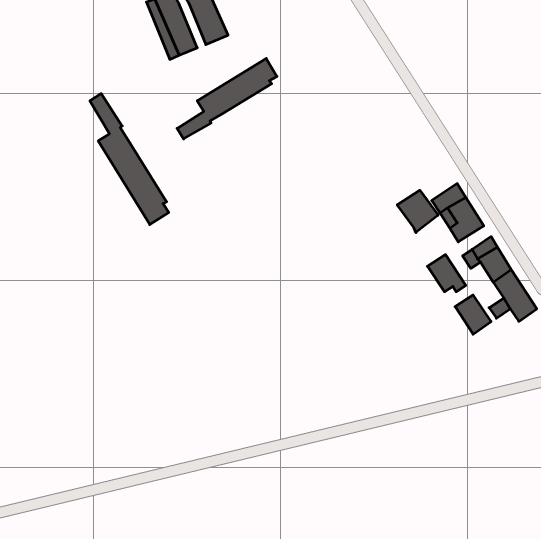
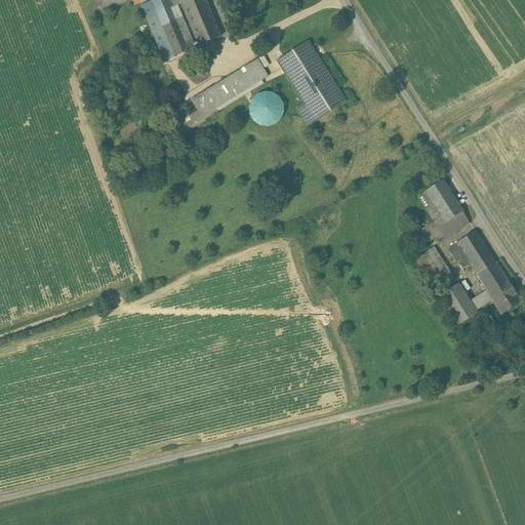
building: none -> [278,39,346,122]
building: none -> [250,90,284,123]
building: [90,94,169,225] -> none
building: [397,190,438,233] -> none

